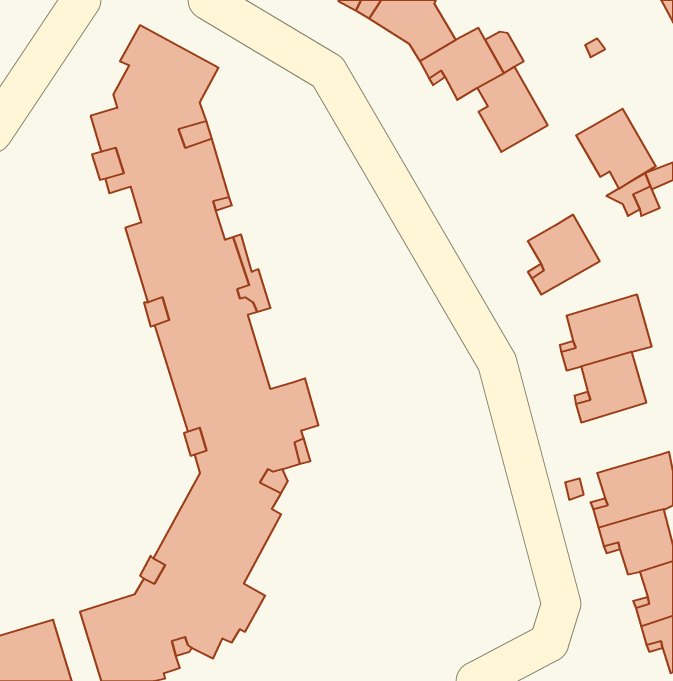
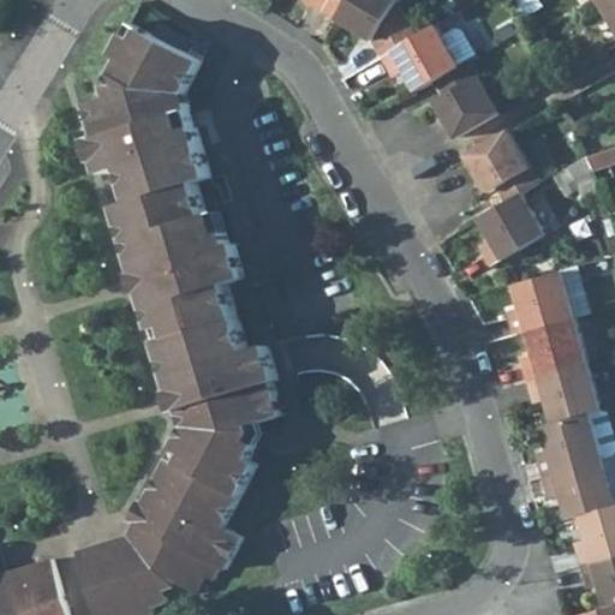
building: [576,109,656,189] -> [462,131,535,203]
building: none -> [524,363,596,423]

